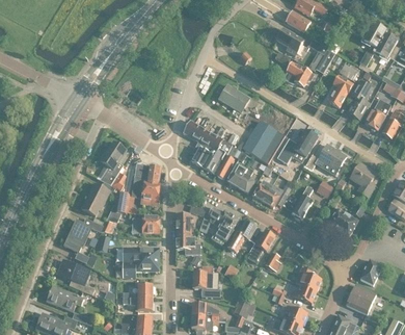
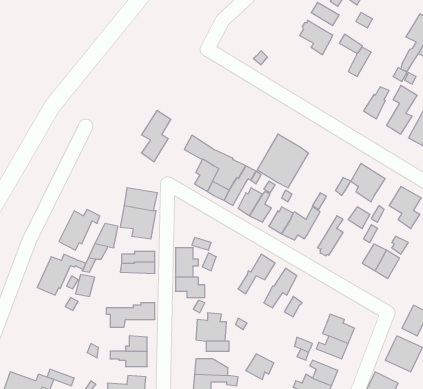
building: [285,61,314,86] -> none
building: [219,84,249,109] -> none
building: [276,129,317,164] -> none
building: [102,141,126,183] -> [141,111,171,162]
building: [209,205,240,244] -> none
building: [120,247,160,261] -> none
building: [58,259,96,293] -> none
building: [47,285,83,311] -> none

